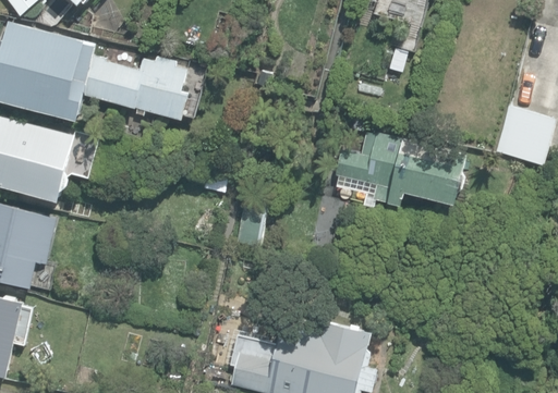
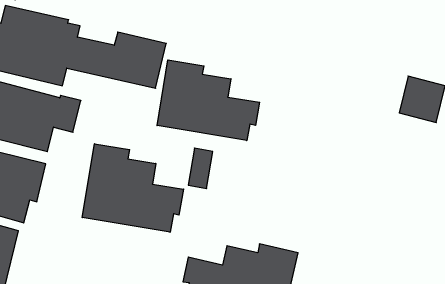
building: none -> [157,60,260,141]
building: [330,133,465,204] -> none
building: none -> [82,144,184,232]

